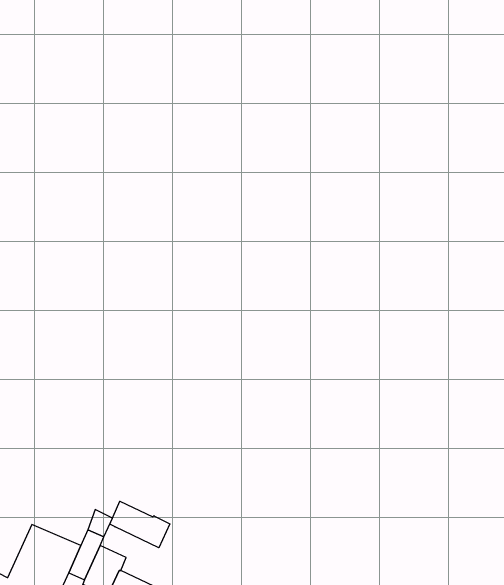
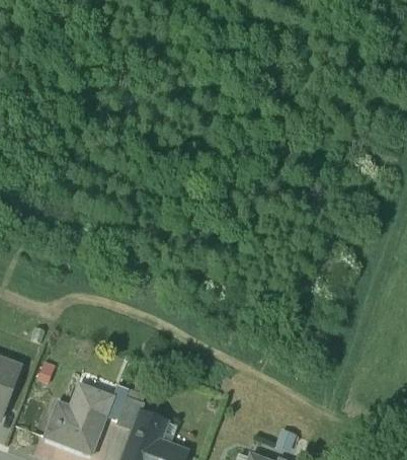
building: [110,501,170,548] -> none

